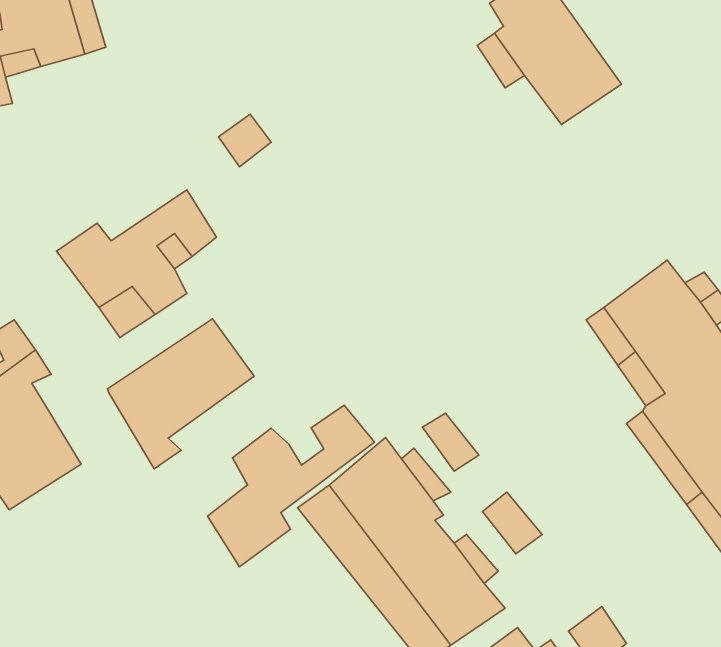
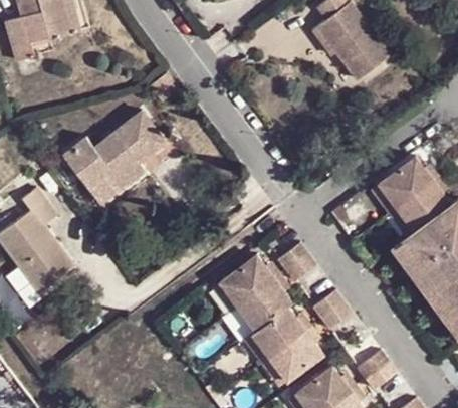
building: [107,319,254,469] -> none
building: [208,405,375,567] -> none

